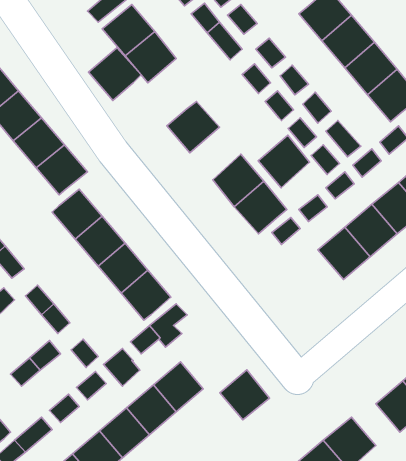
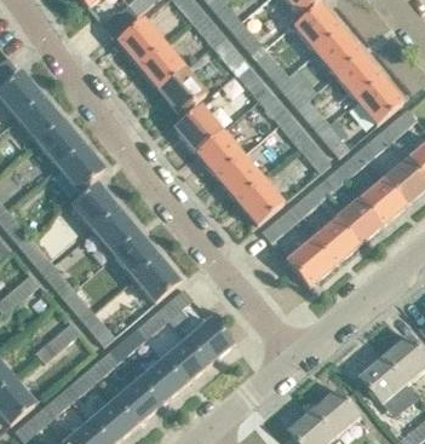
building: [89,48,141,100] -> [159,67,206,114]
building: [258,135,309,188] -> [196,128,242,175]
building: none -> [287,238,334,286]
building: [220,370,270,420] -> [188,318,232,363]

